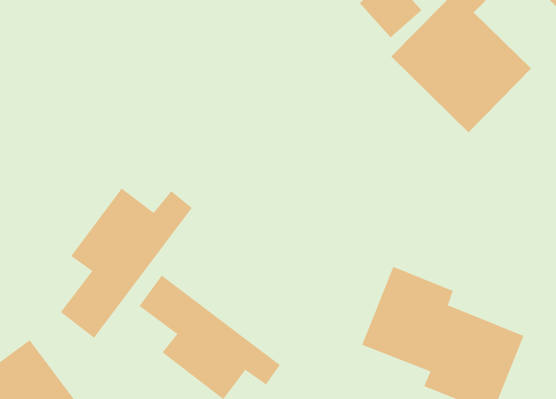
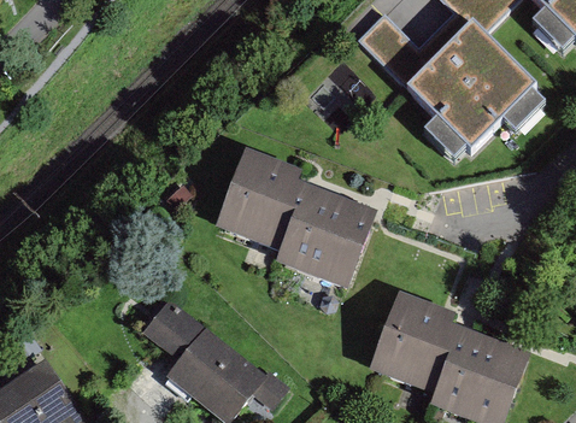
building: none -> [213,153,382,295]
building: [60,187,193,339] -> none

